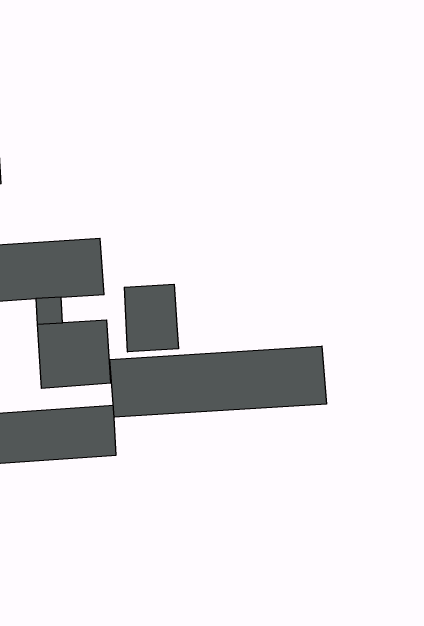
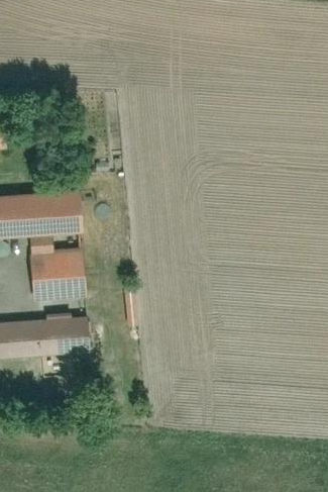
building: [124,284,178,352] -> none
building: [110,346,326,417] -> none

